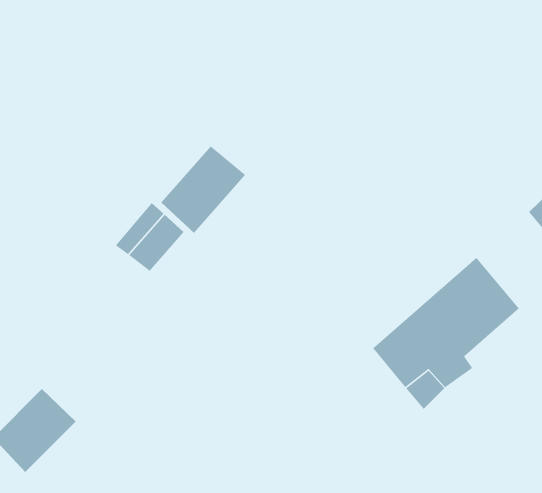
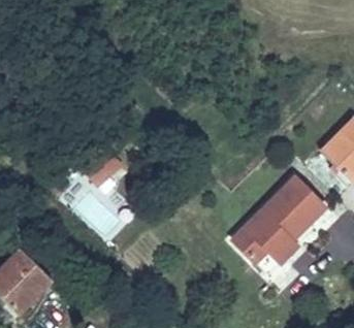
building: [160,145,246,234] -> none

